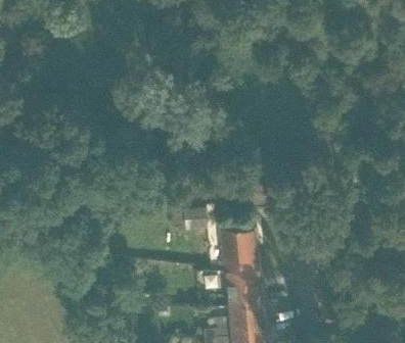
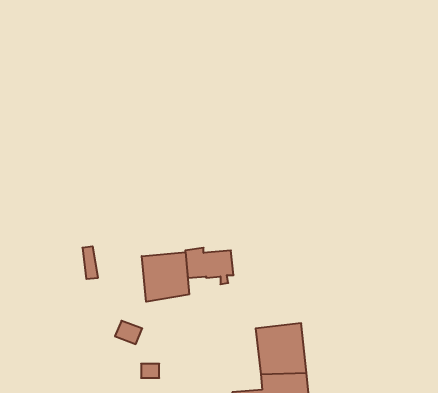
building: none -> [142,252,189,302]
building: [218,230,258,274] -> none

